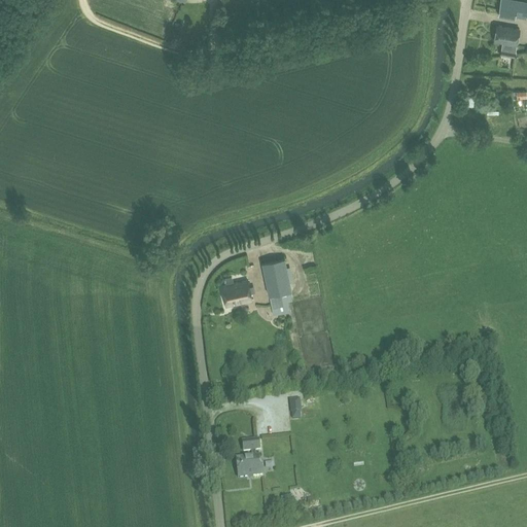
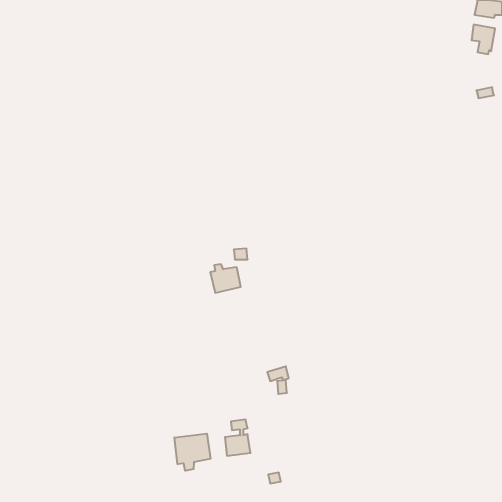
building: [261,257,291,295] -> none
building: none -> [175,434,211,471]

